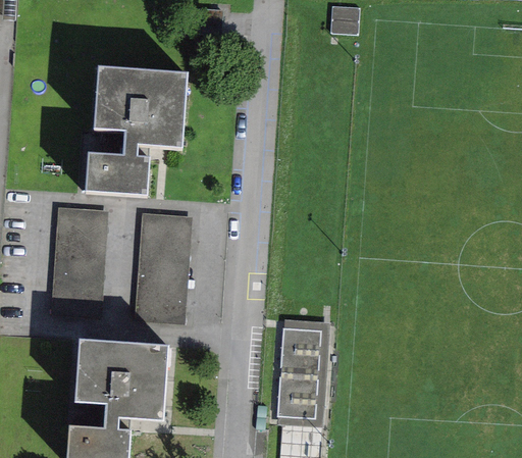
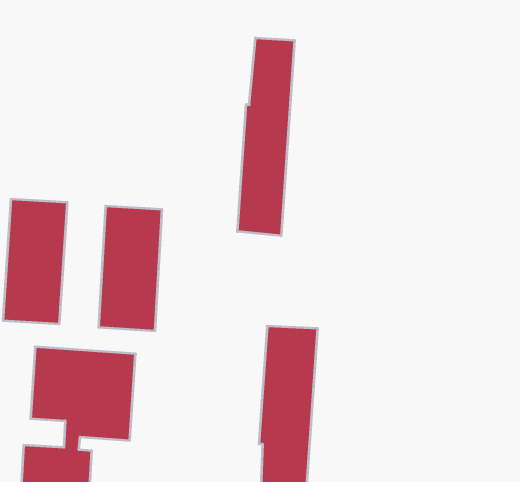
building: [85,64,187,193] -> none
building: none -> [237,38,294,236]

